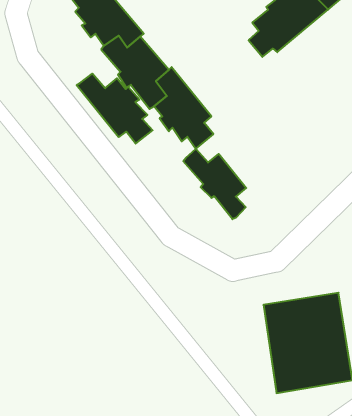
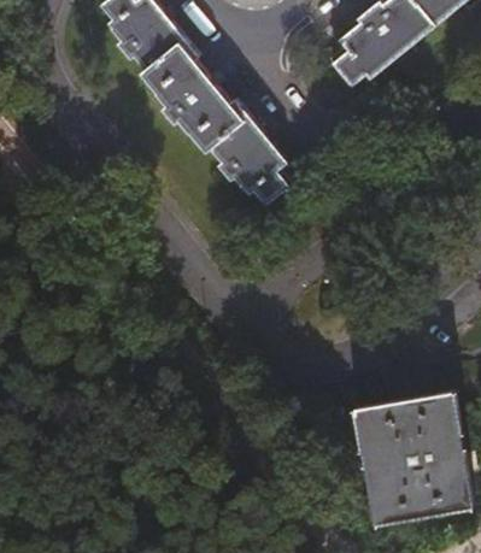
building: [77,74,153,144] -> none
building: [183,149,246,219] -> none

